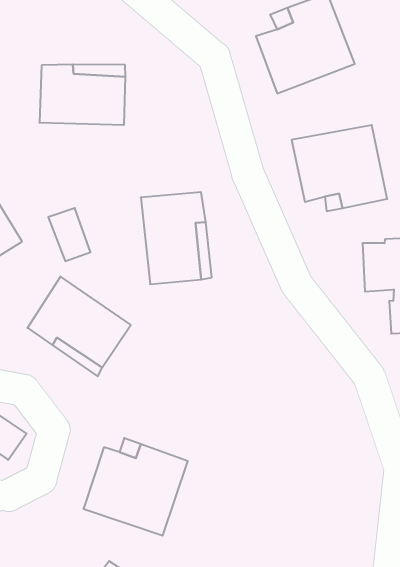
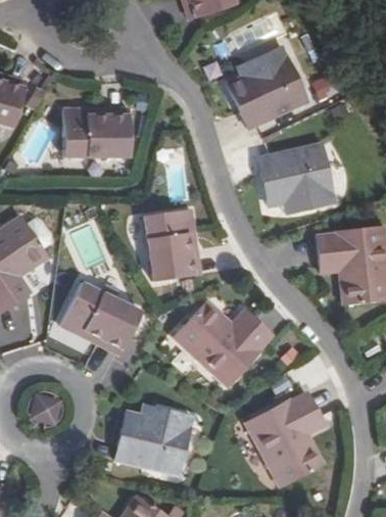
building: none -> [176,302,273,387]
building: none -> [242,393,321,486]

